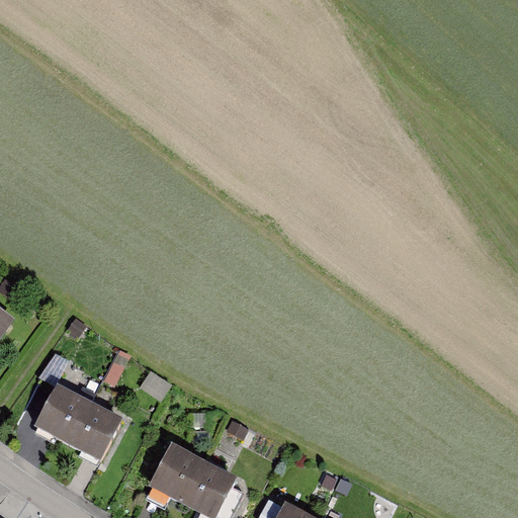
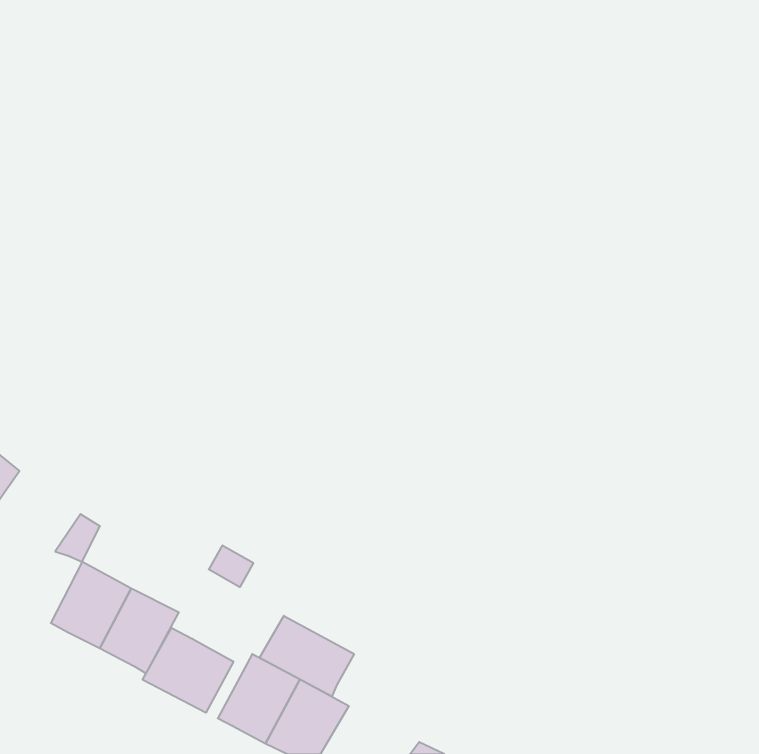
building: none -> [259,616,354,697]
building: none -> [143,628,233,713]

